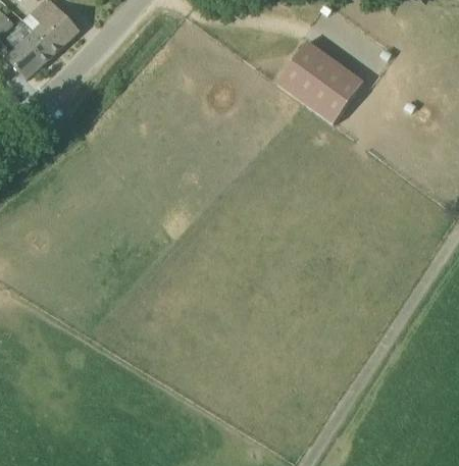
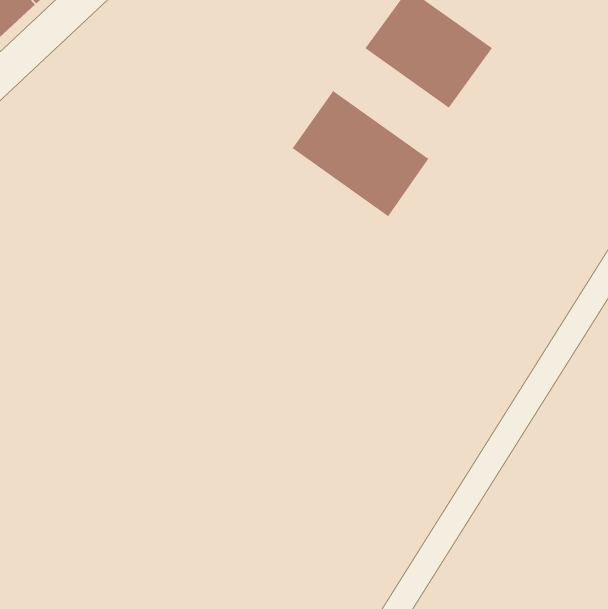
building: none -> [292,90,429,217]

